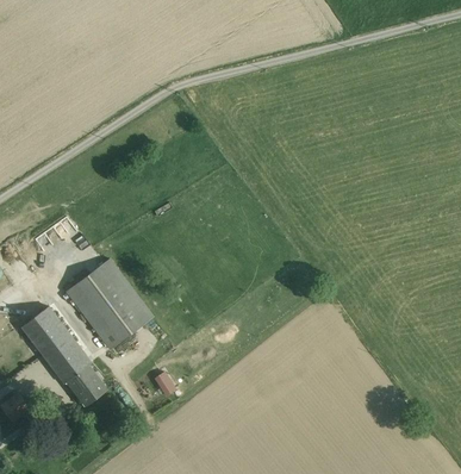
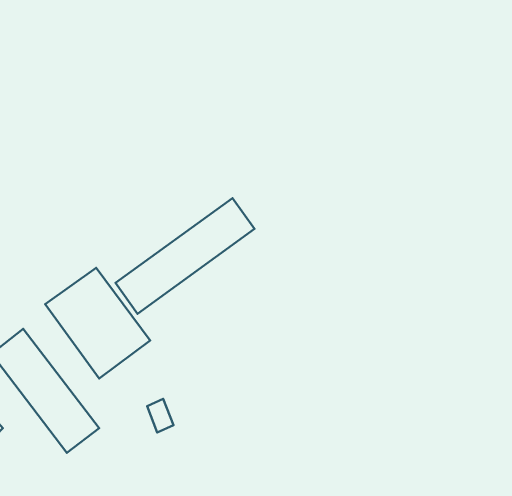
building: none -> [116,198,255,314]

